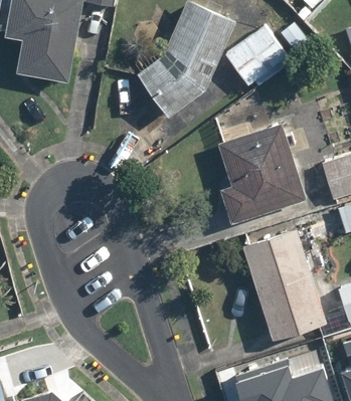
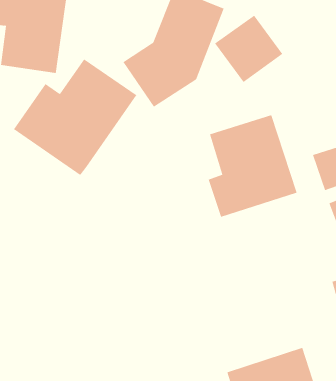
building: none -> [13,59,137,176]
building: [241,229,329,349] -> none

